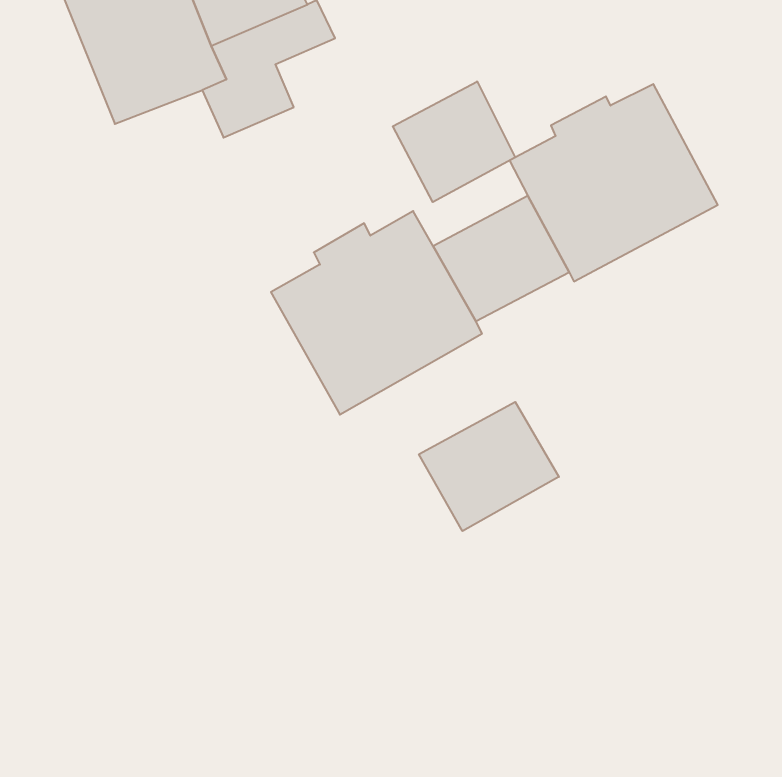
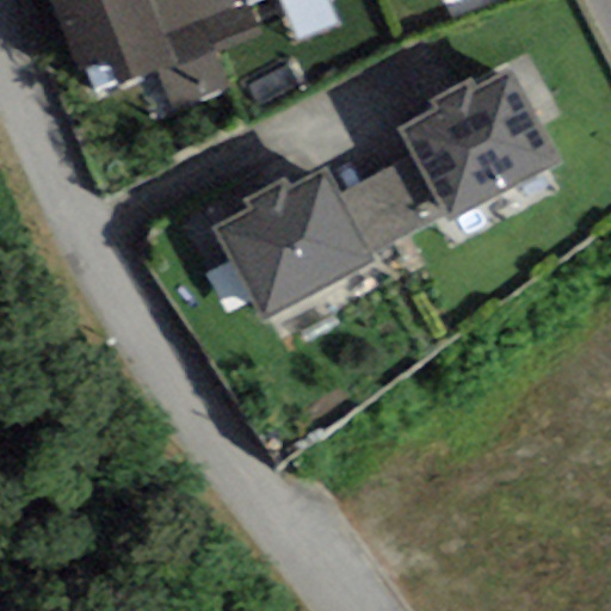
building: [393,81,515,202] -> none
building: [419,402,559,531] -> none

